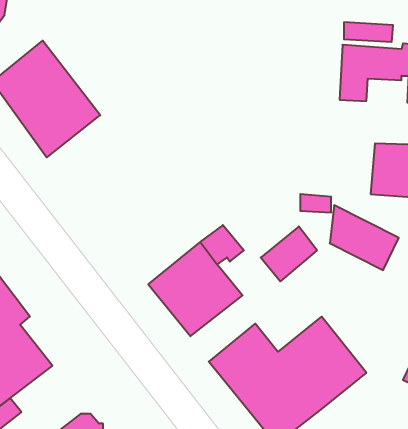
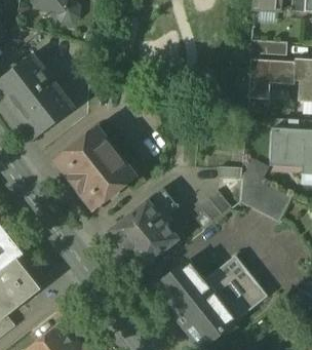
building: none -> [54,133,128,209]

